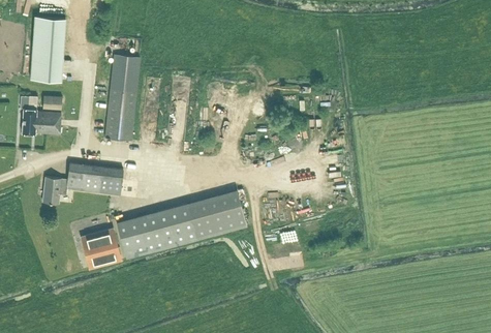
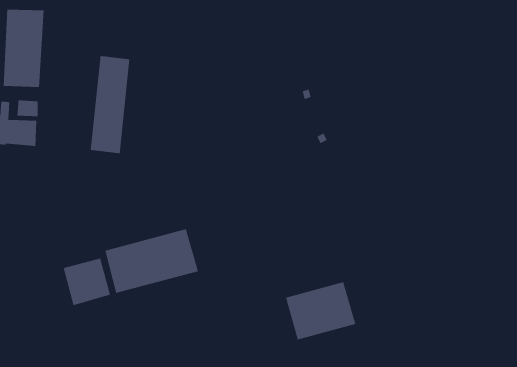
building: [42,162,122,204] -> none
building: [186,190,246,240] -> [285,281,356,340]

